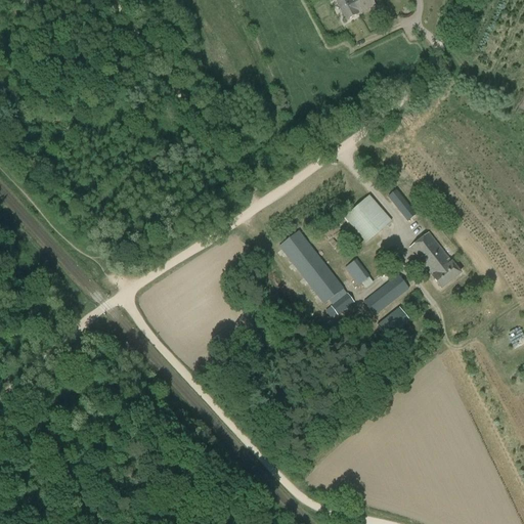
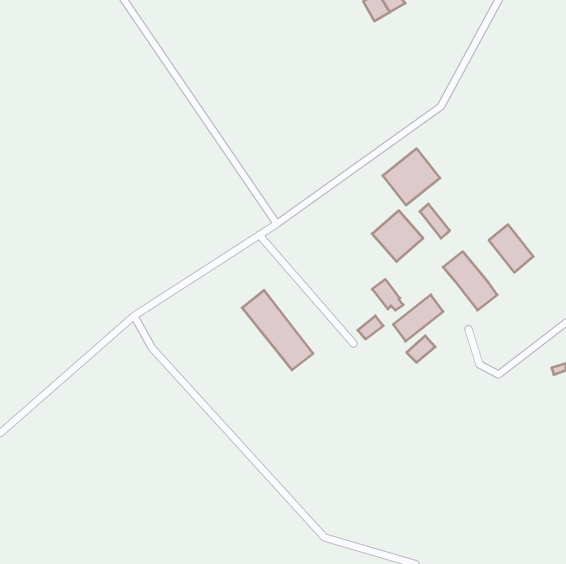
building: none -> [383,149,440,205]
building: none -> [489,225,533,272]
building: [278,229,344,303] -> [242,290,313,370]

